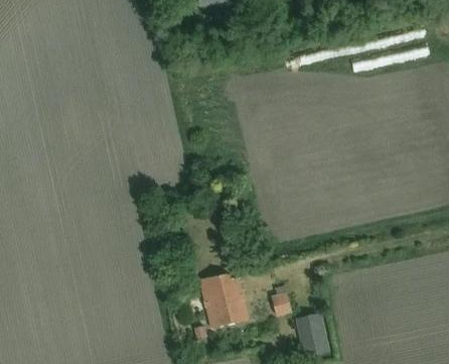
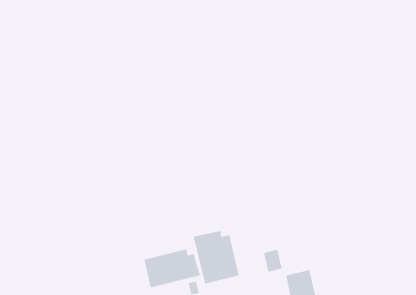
building: none -> [144,249,201,288]

